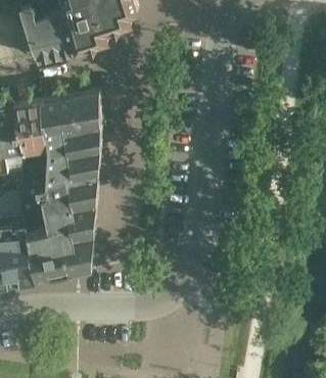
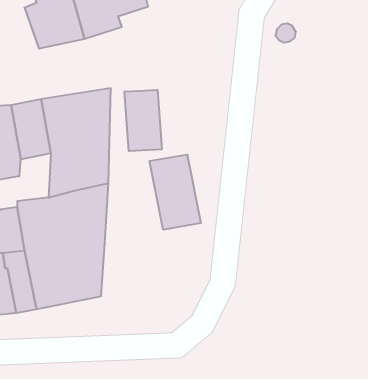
building: none -> [125,90,162,151]
building: none -> [150,154,201,230]

